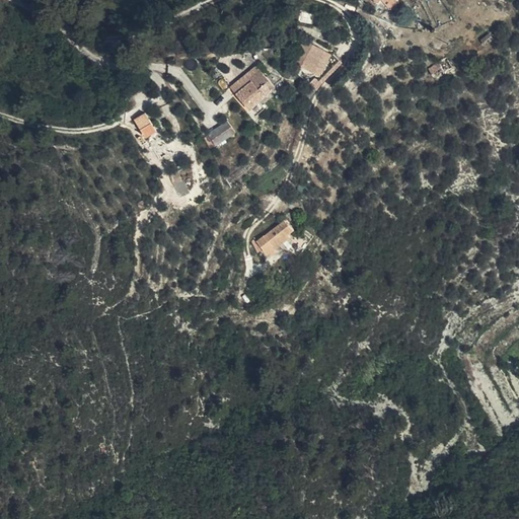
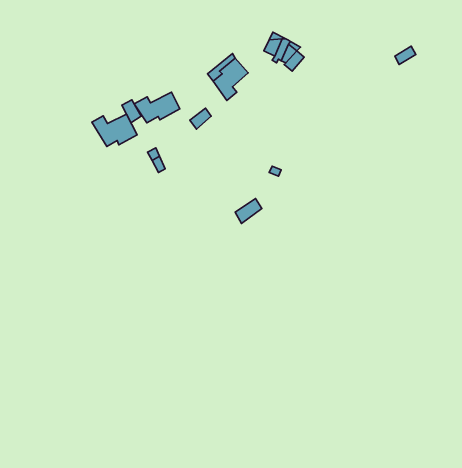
building: none -> [134,92,180,123]
building: none -> [92,114,137,146]

